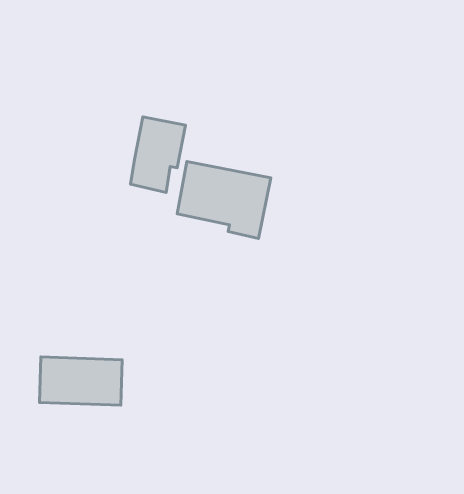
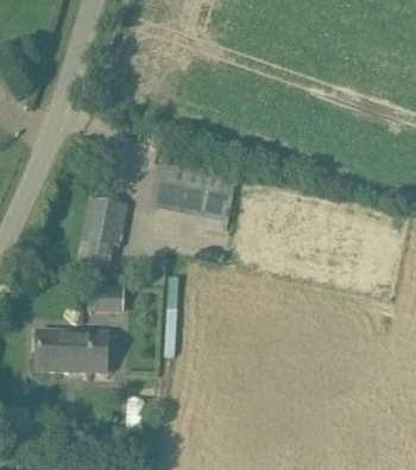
building: [130,117,185,193] -> [78,201,126,266]
building: none -> [87,282,124,309]

